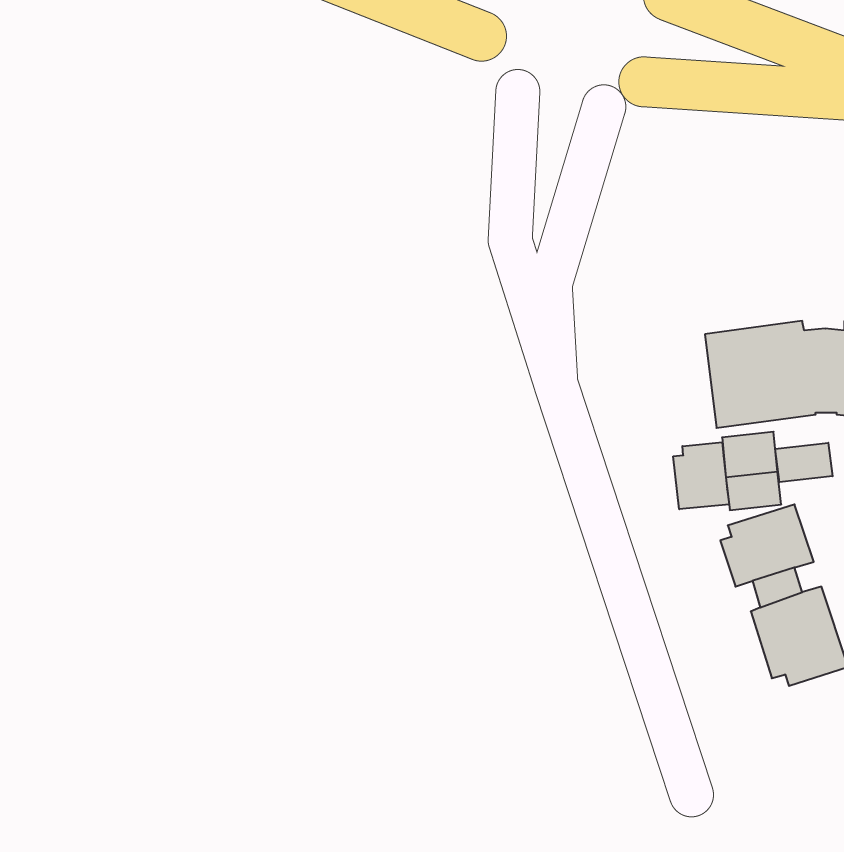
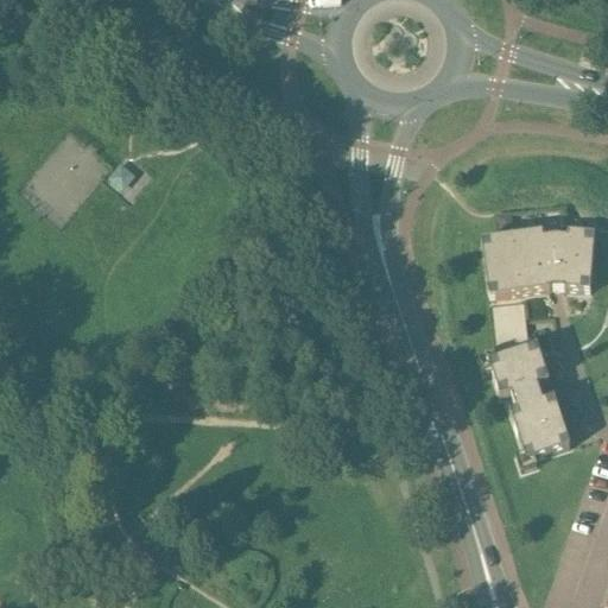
building: [673,442,729,509] -> none
building: [775,443,833,482] -> none

